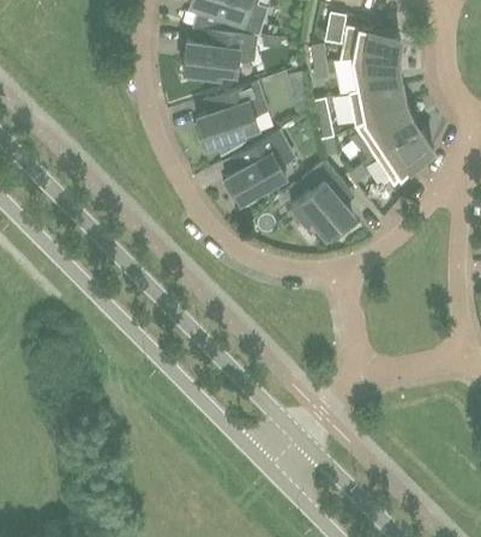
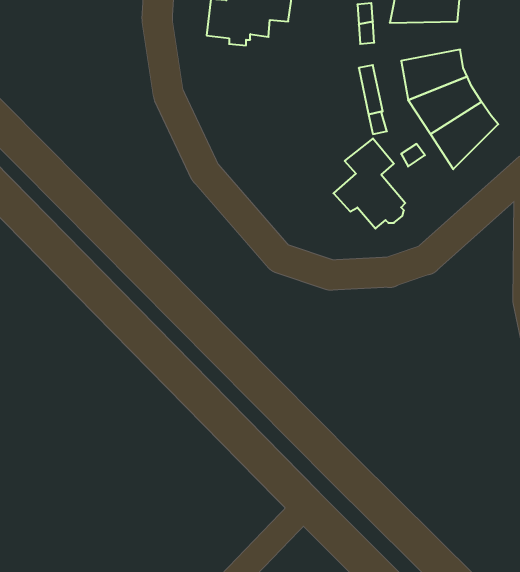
building: [339,62,399,96] -> none
building: [194,84,266,147] -> none
building: [223,132,294,204] -> none

